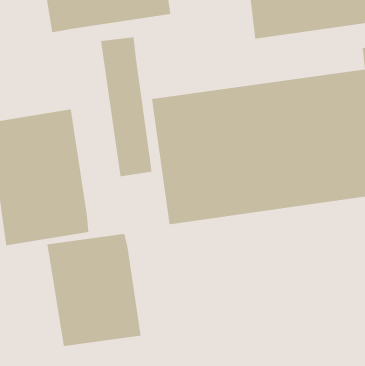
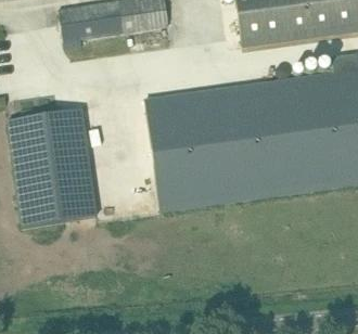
building: [100,36,152,177] -> none
building: [47,233,141,347] -> none

